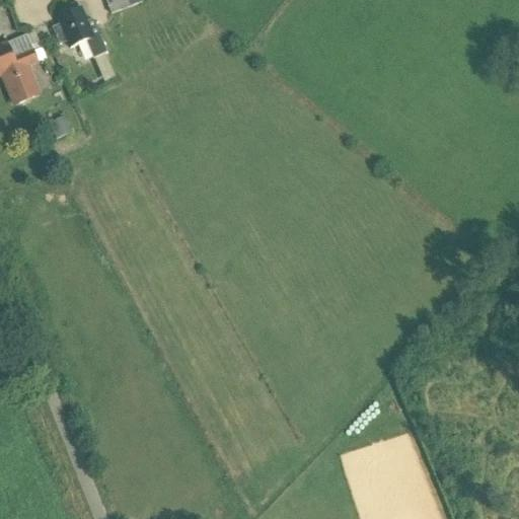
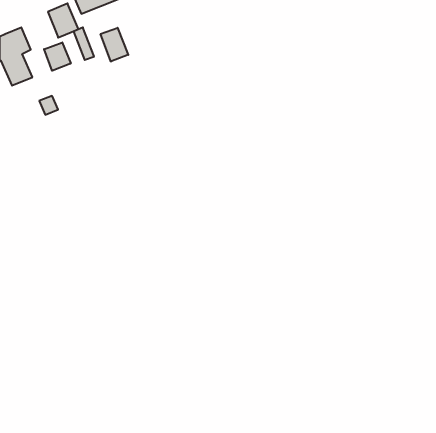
building: none -> [101,28,128,62]
building: none -> [44,42,71,71]

